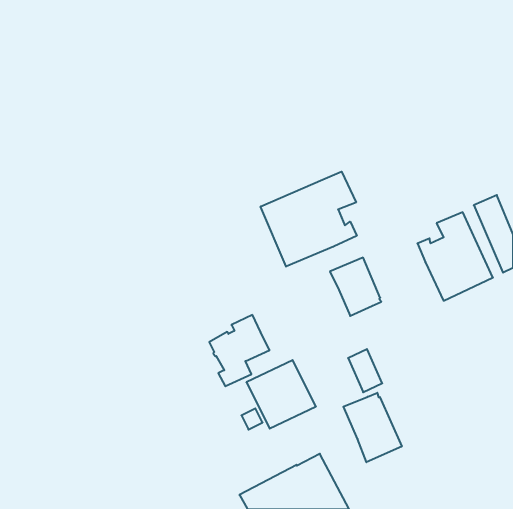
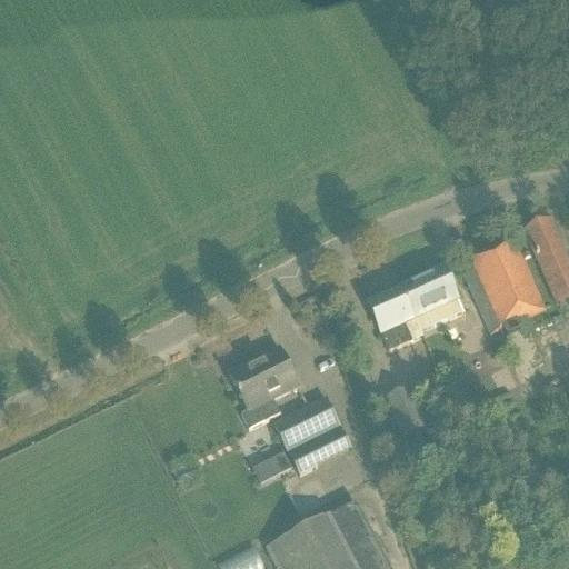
building: [261,172,357,267] -> none
building: none -> [401,264,463,329]
building: [343,393,402,462] -> none

